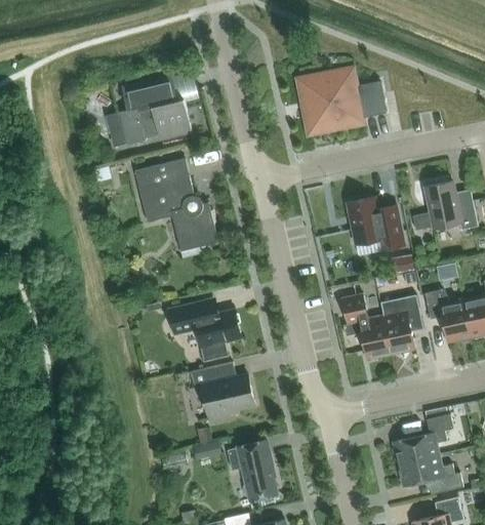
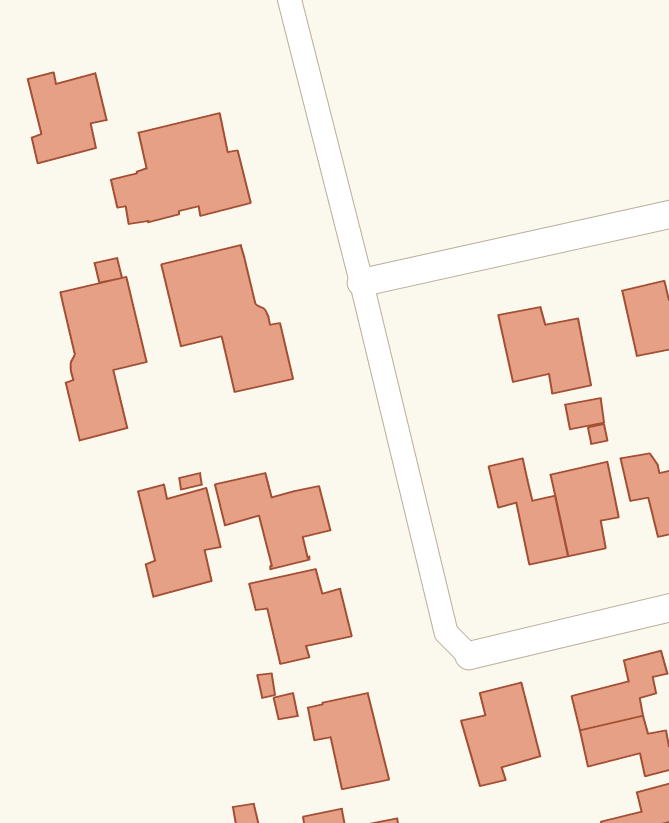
building: none -> [28,72,107,163]
building: [293,66,386,138] -> none
building: none -> [61,277,147,441]
building: none -> [138,484,220,597]
building: none -> [461,682,540,786]

